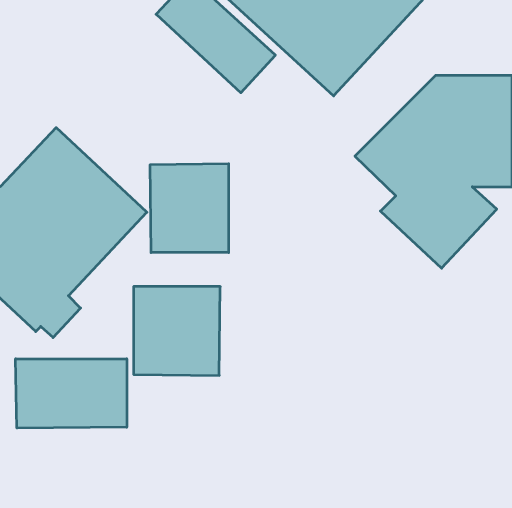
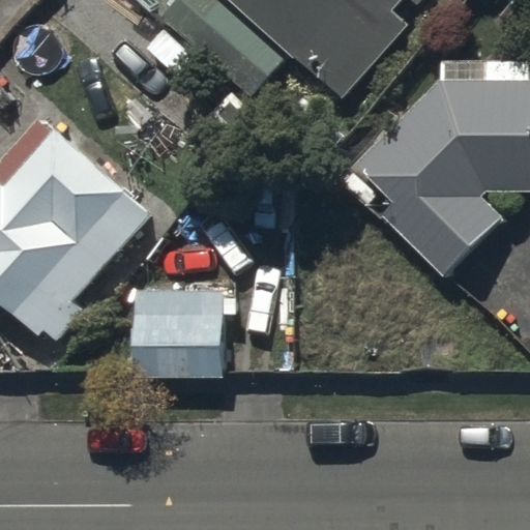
building: [150,164,229,253] -> none
building: [16,359,127,428] -> none

